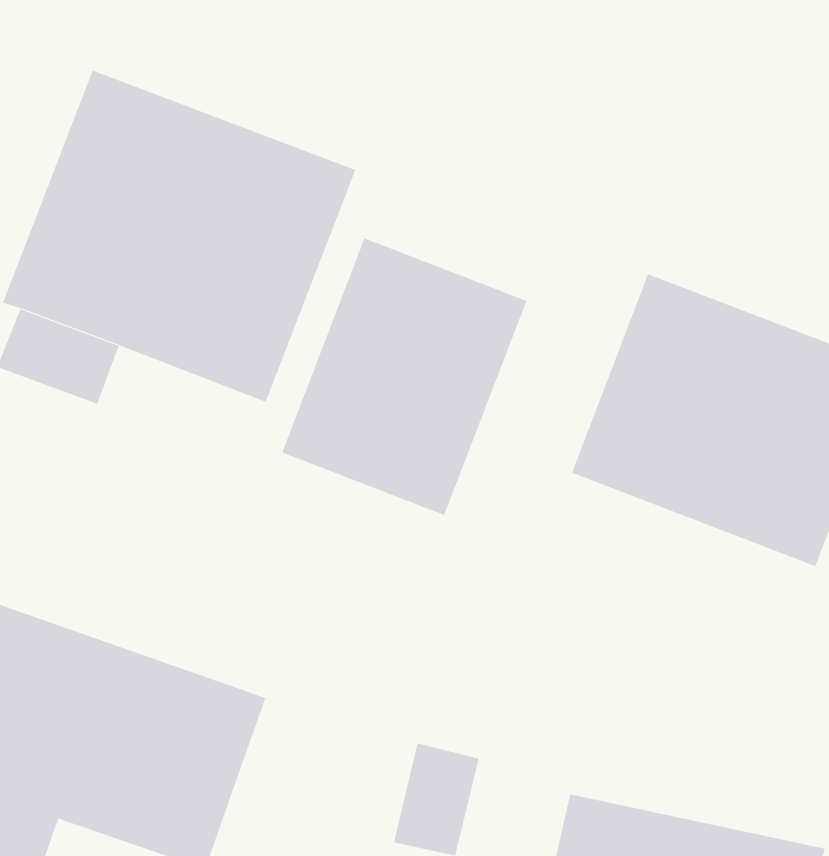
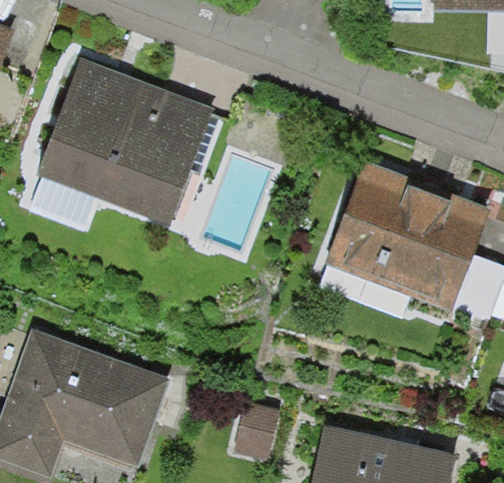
building: [282,238,527,516] -> none

